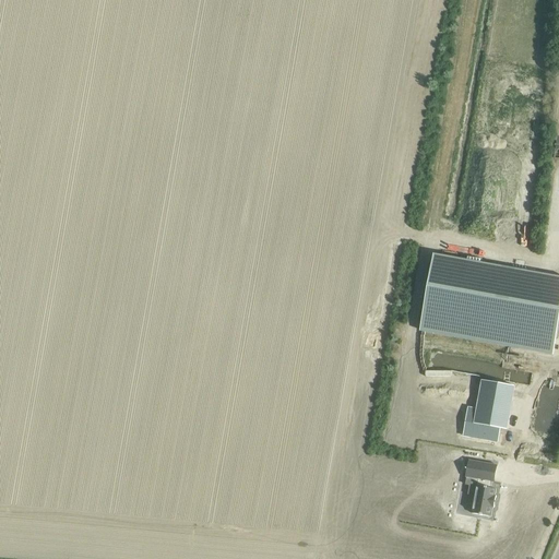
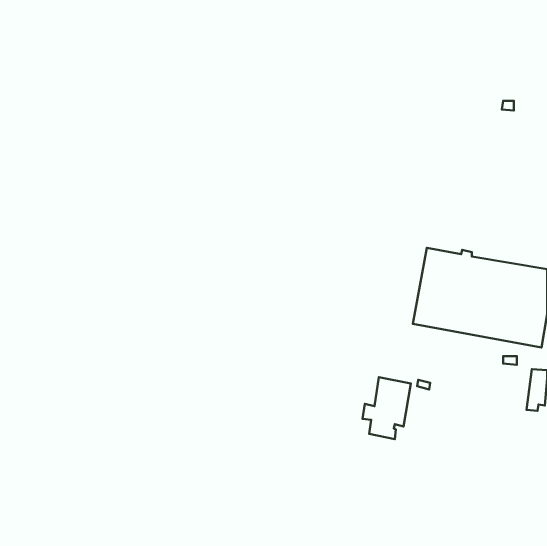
building: [464,378,513,441] -> [363,377,411,439]
building: [464,459,496,515] -> none

